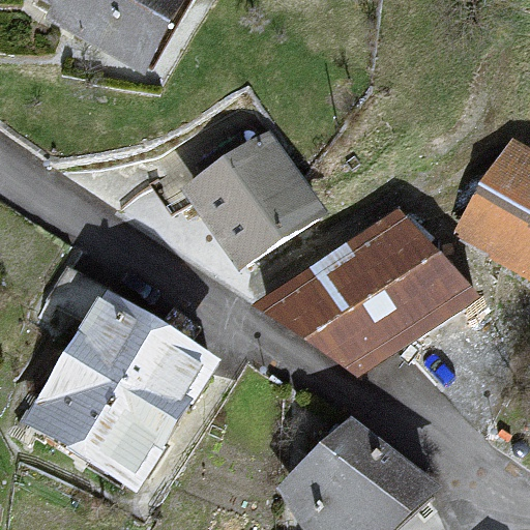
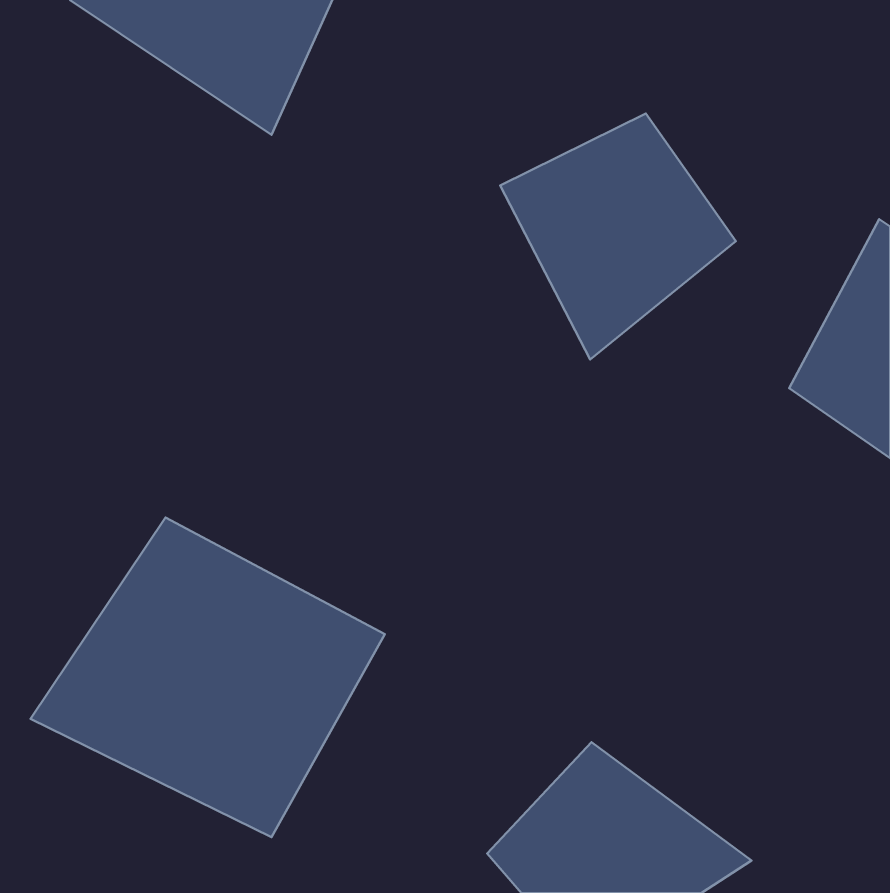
building: [193,134,328,275] -> [500,114,736,360]
building: [279,207,474,359] -> none

